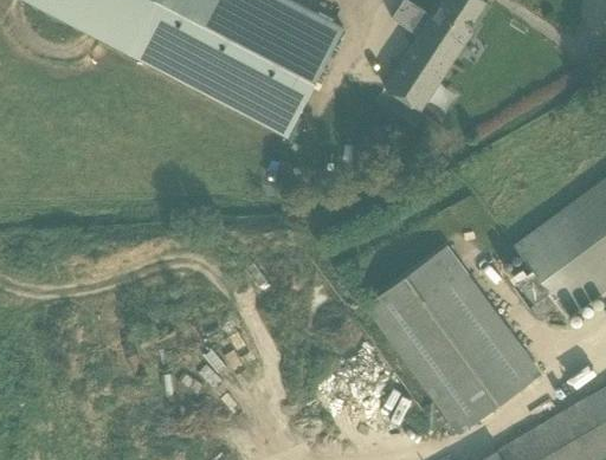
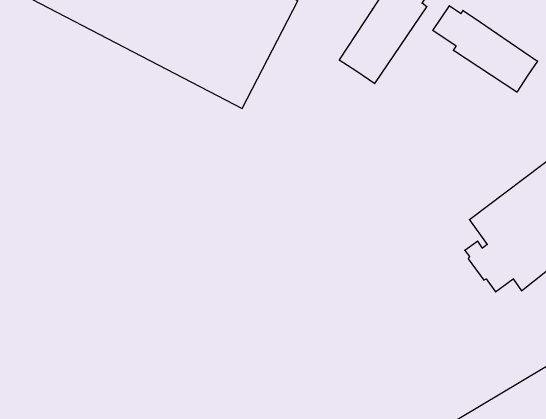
building: none -> [433,6,538,92]
building: [365,247,539,434] -> none

